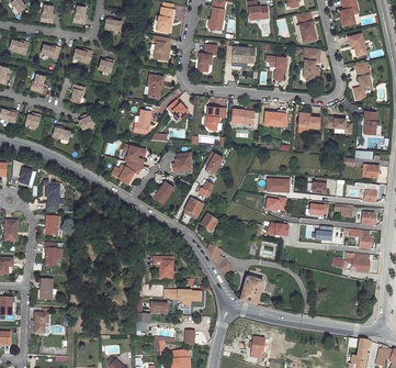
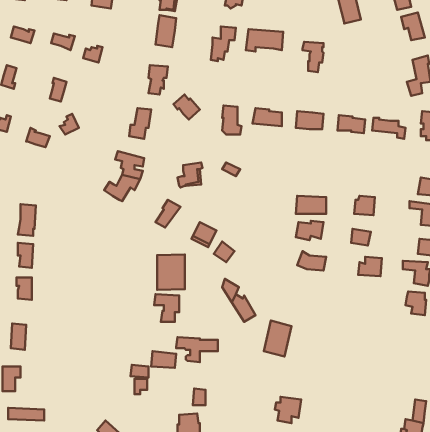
building: [304,47,320,81] -> none
building: none -> [157,254,185,290]

